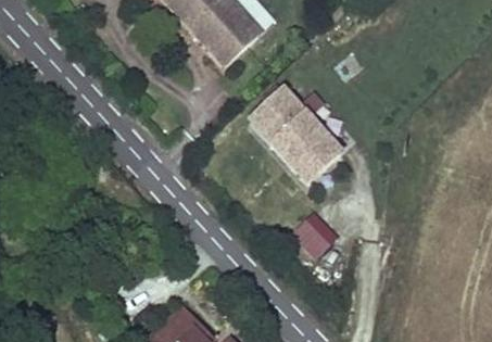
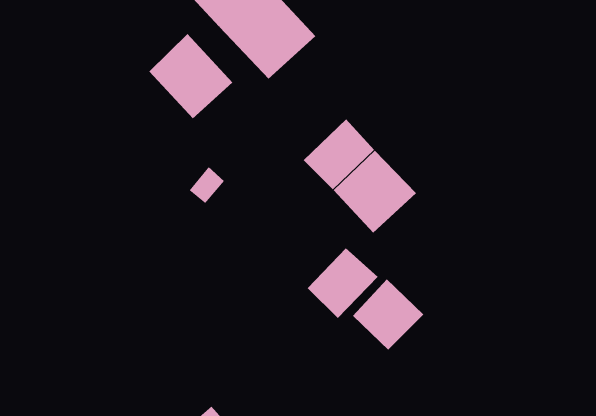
building: none -> [148,33,233,119]
building: none -> [307,247,378,319]

